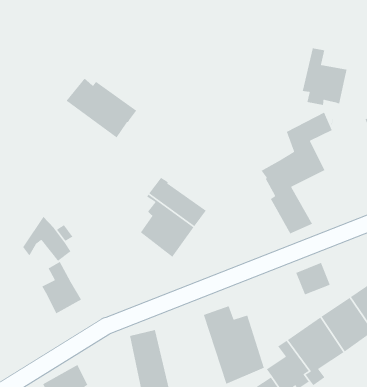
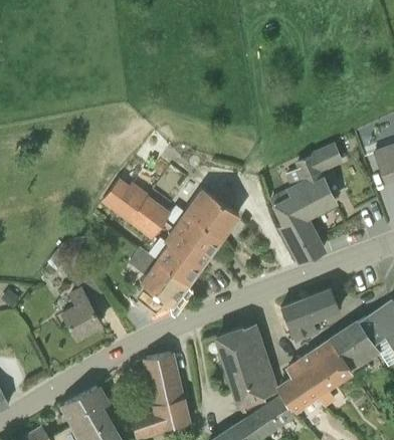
building: [302,48,348,126] -> none
building: [65,78,143,139] -> [103,182,177,240]
building: none -> [184,188,239,238]
building: none -> [129,247,188,304]
building: none -> [281,297,315,342]

